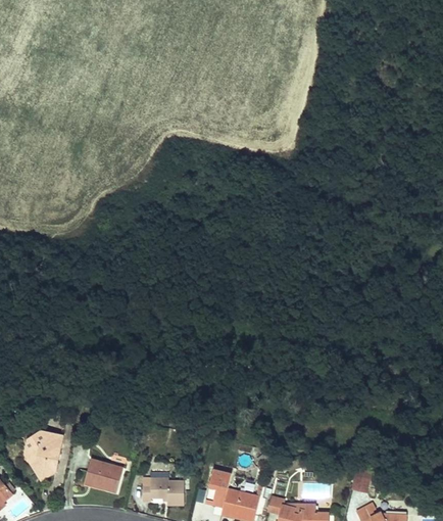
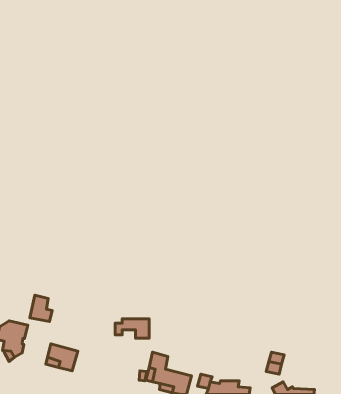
building: none -> [30,295,52,322]
building: [142,480,183,504] -> [115,319,149,338]

